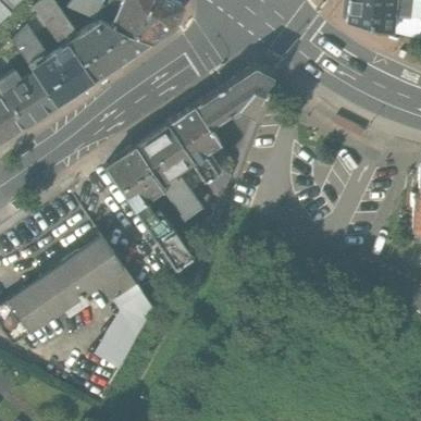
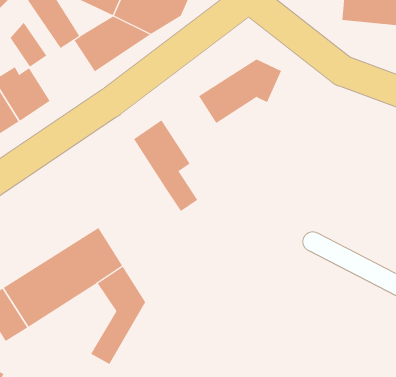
building: [36,47,100,107] -> none
building: [166,102,232,186] -> none
building: [104,145,191,265] -> none

